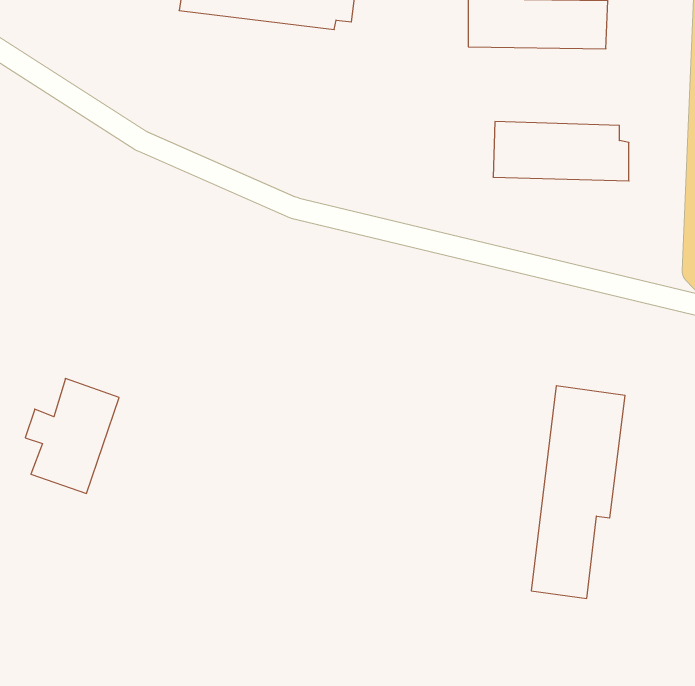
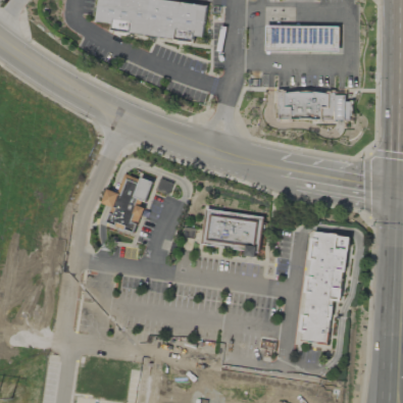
building: none -> [200,208,263,257]
building: [25,378,119,493] -> [102,171,152,233]

